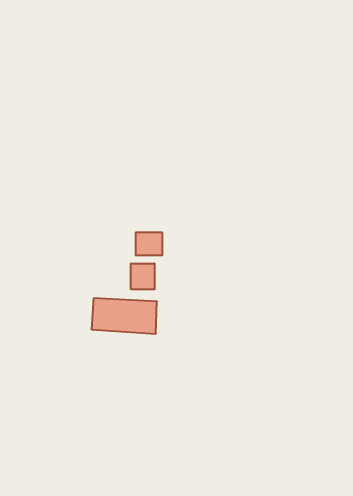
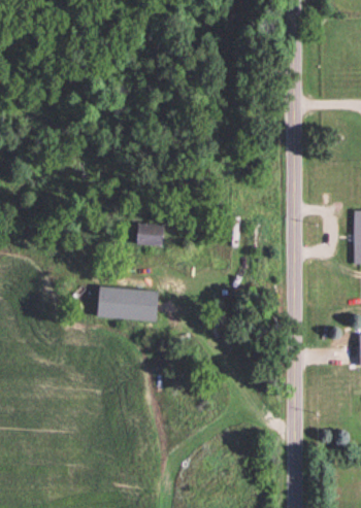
building: [131,263,155,289] -> none

